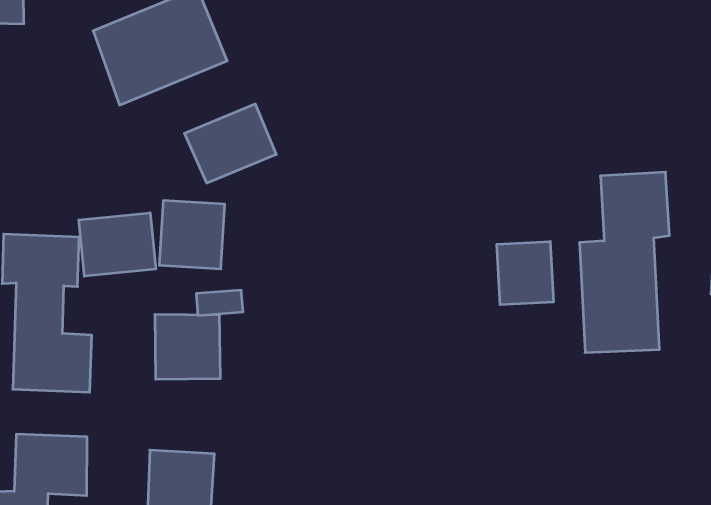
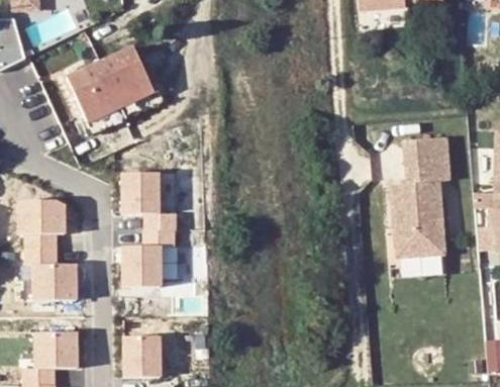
building: [184,104,276,183] -> none
building: [79,213,156,276] -> none
building: [497,241,553,305] -> none

